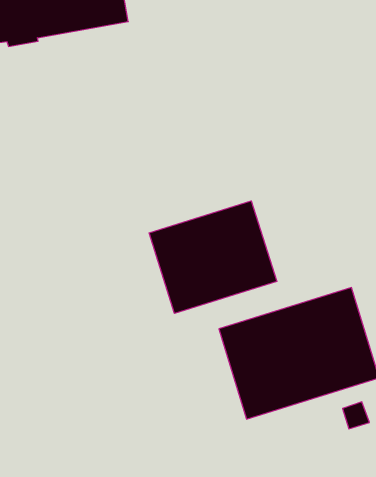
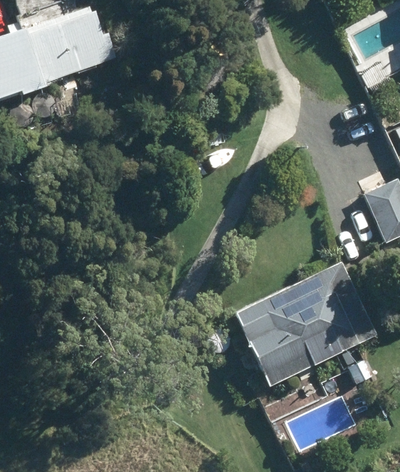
building: [149,201,277,313] -> none

